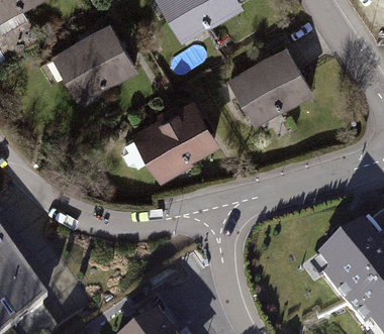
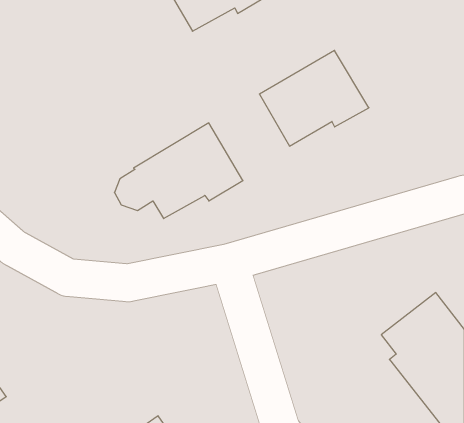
building: [55,25,135,96] -> none

